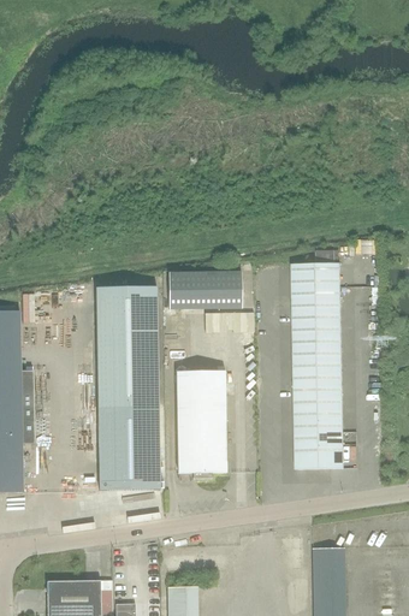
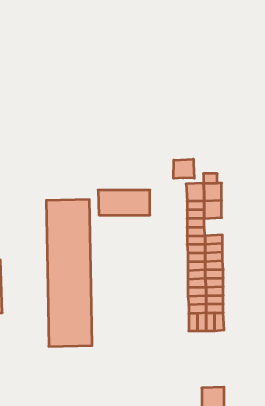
building: none -> [174,159,194,178]
building: [316,312,342,337] -> none
building: [177,371,226,479] -> none

